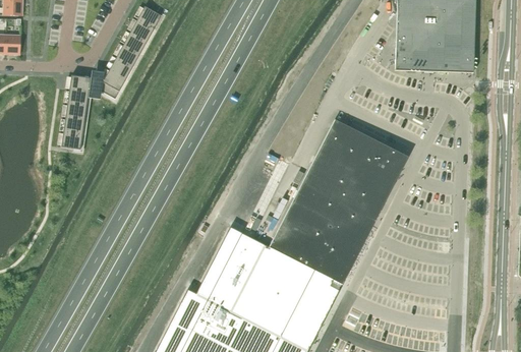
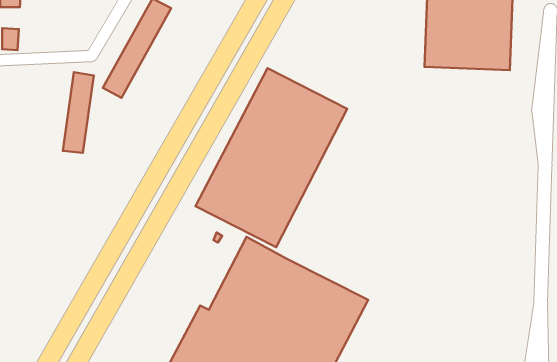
building: [269,119,408,284] -> [196,68,347,247]

